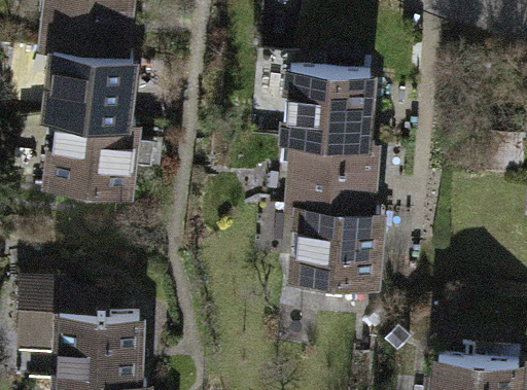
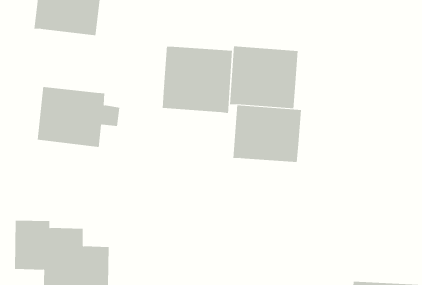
building: [44,52,131,131] -> none
building: none -> [162,46,233,114]
building: [293,212,383,289] -> none

